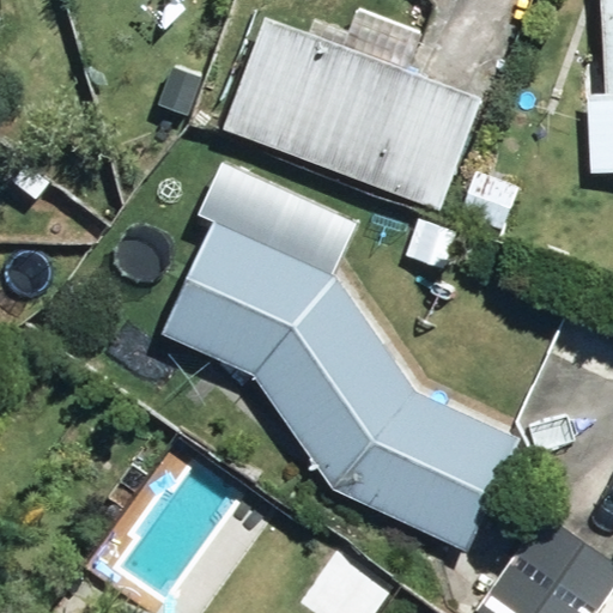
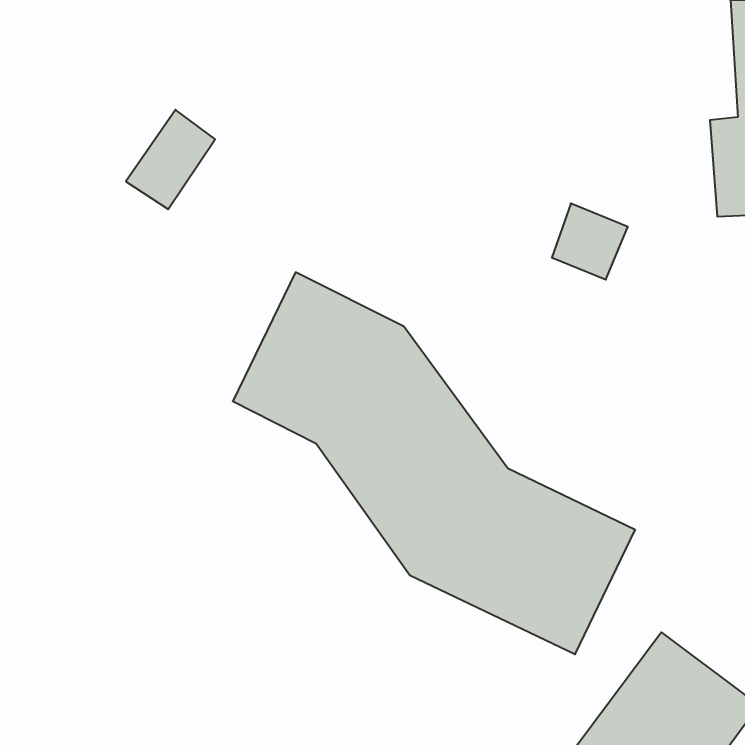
building: [219,17,479,211] -> none

